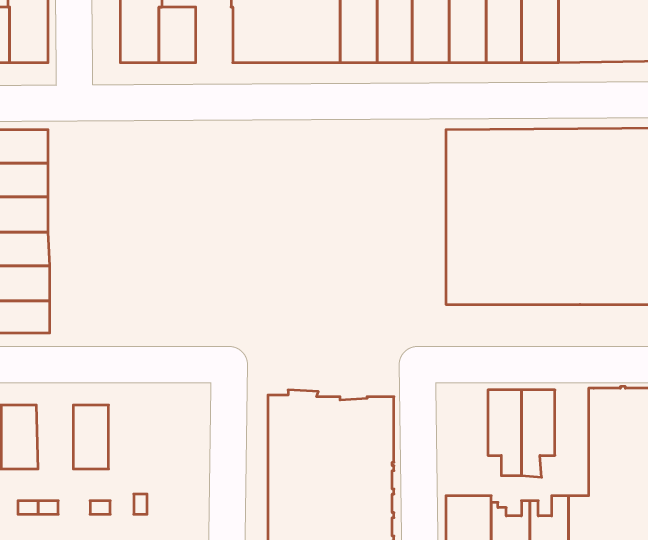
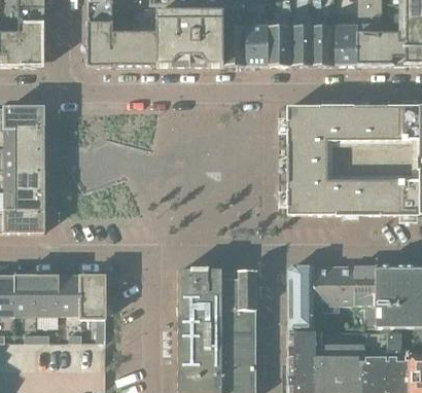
building: none -> [134,31,156,65]
building: none -> [287,264,313,326]
building: none -> [354,265,375,319]
building: none -> [36,275,59,314]
building: none -> [80,275,105,318]

